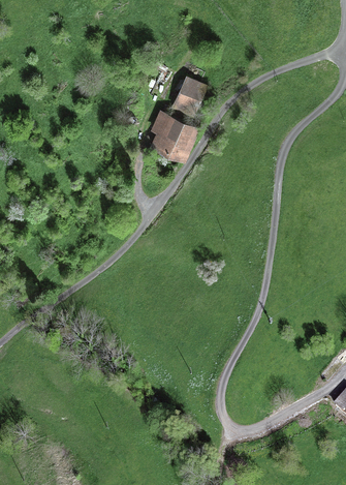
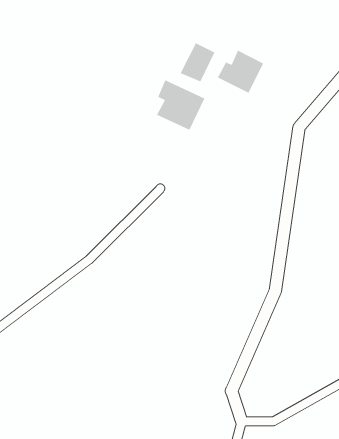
building: none -> [217,50,264,94]

